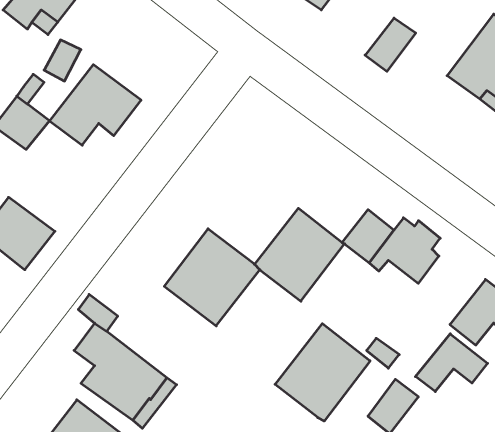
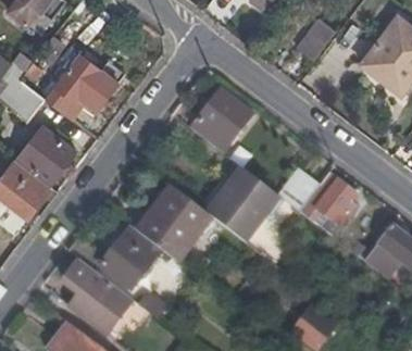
building: none -> [190,90,251,153]
building: none -> [16,127,75,185]
building: none -> [102,229,160,286]
building: [275,324,370,421] -> none
building: [415,334,488,392] -> none

